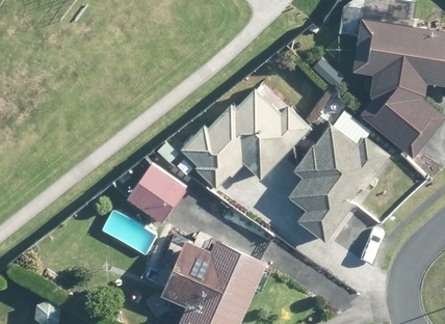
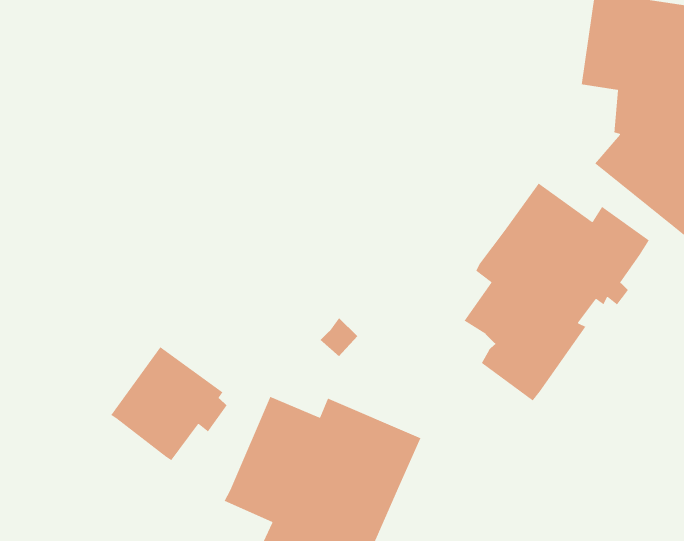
building: [180,88,310,190] -> none
building: [127,161,190,223] -> [110,346,227,461]

